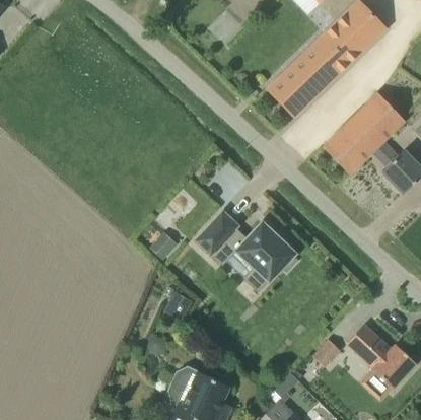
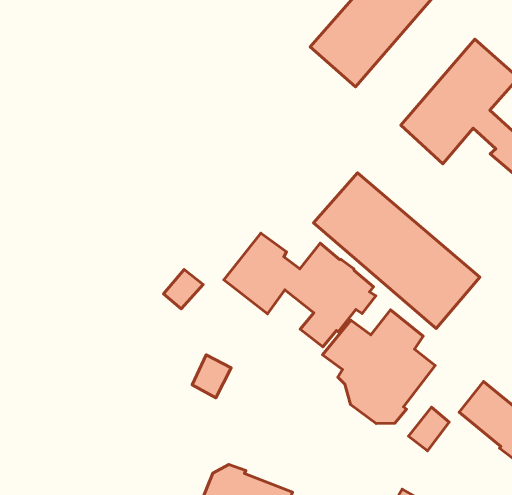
building: none -> [314,173,480,329]
building: none -> [322,310,435,424]

